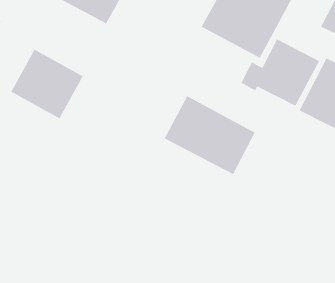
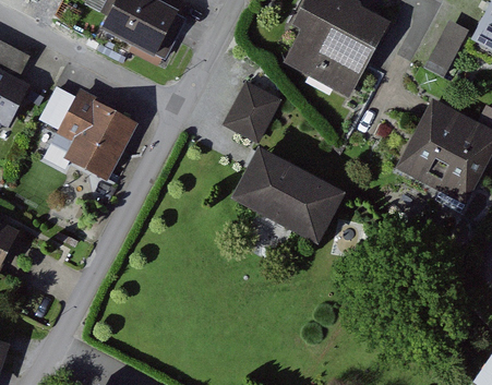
building: [241,39,320,106] -> none
building: none -> [225,79,285,143]

